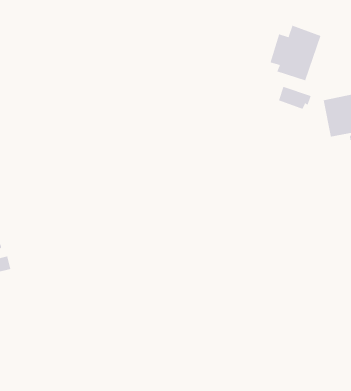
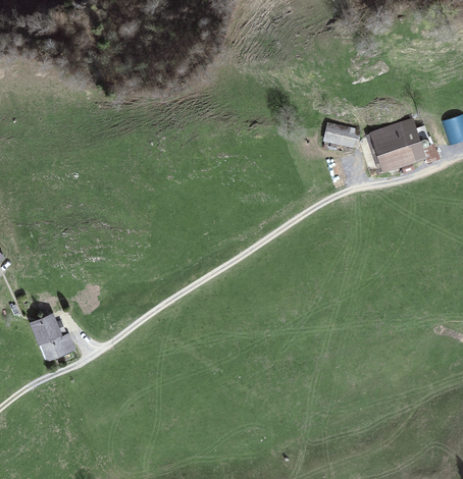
building: [270,25,321,81] -> none

